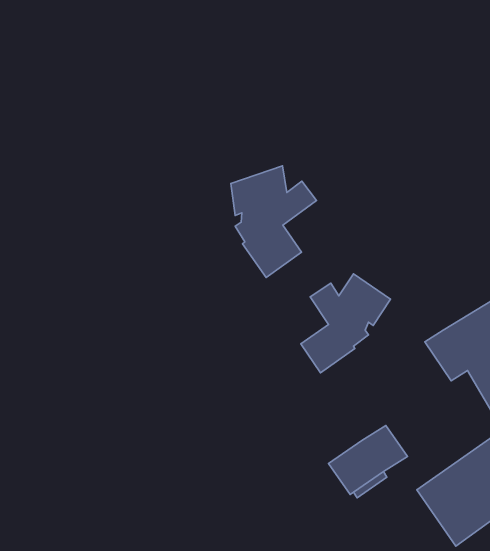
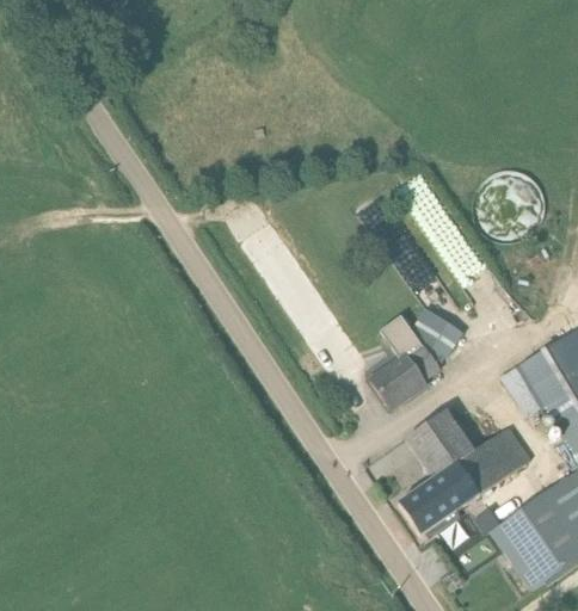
building: [231,166,316,278] -> none
building: none -> [406,407,531,495]

